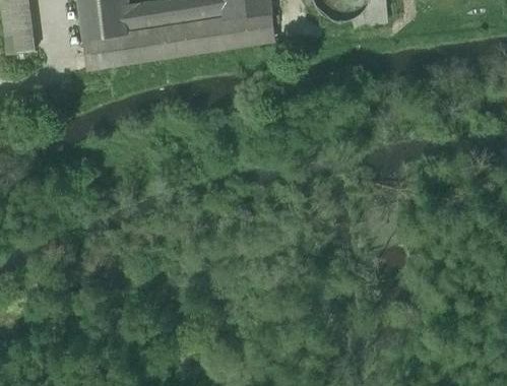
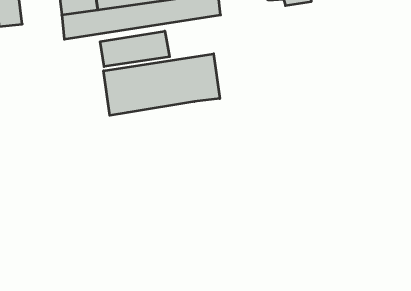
building: none -> [100,31,170,67]
building: none -> [104,54,220,115]

